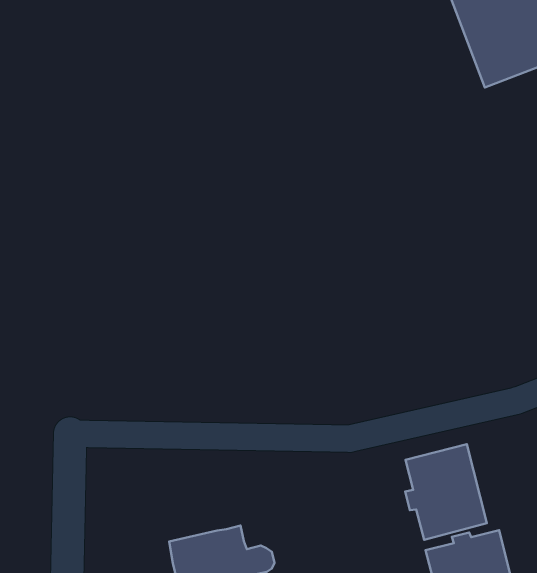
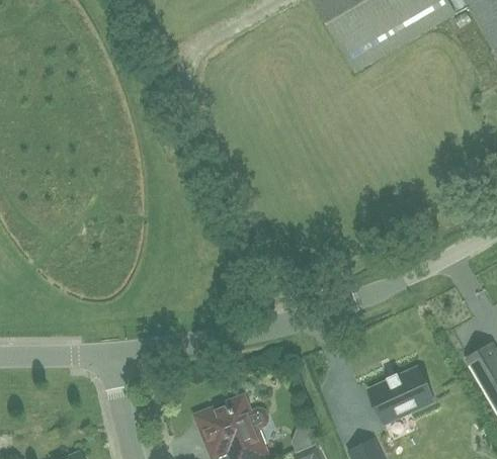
building: [405,444,487,540] -> none

